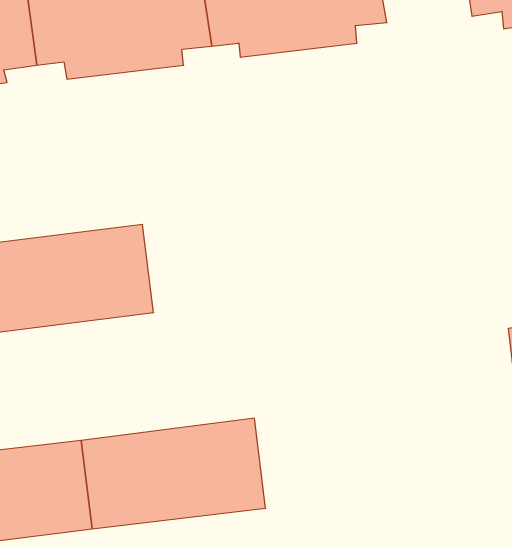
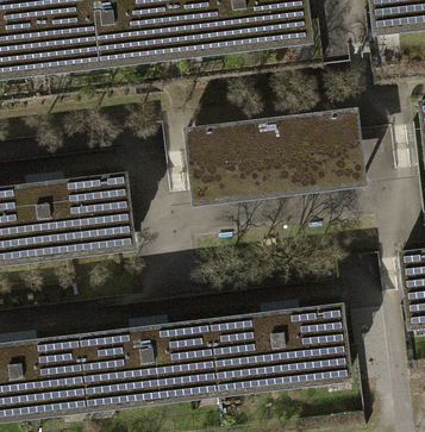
building: none -> [186,112,364,200]
building: none -> [210,307,349,390]

